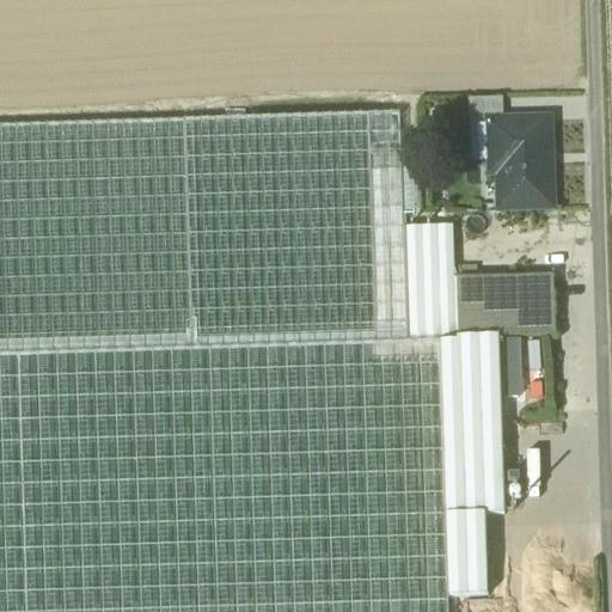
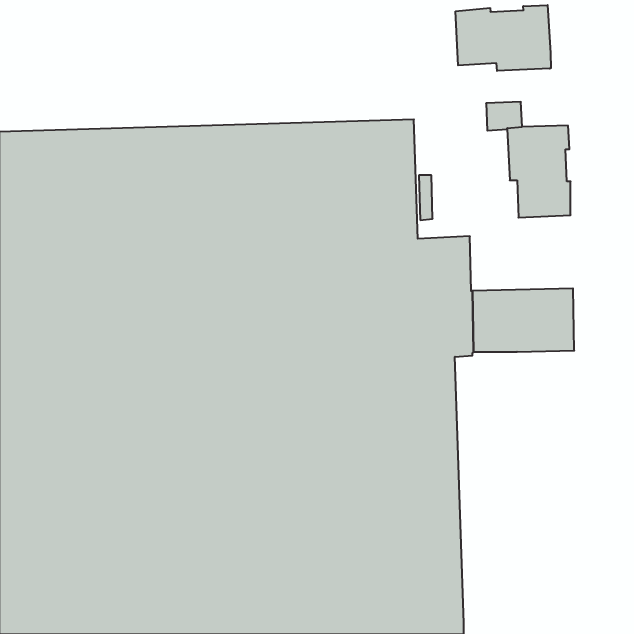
building: none -> [456,5,551,71]
building: [437,338,503,599] -> none

